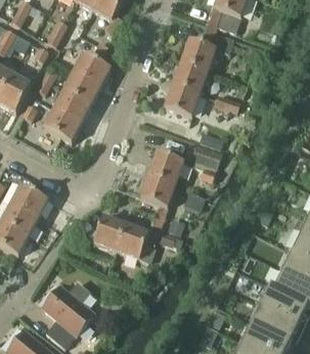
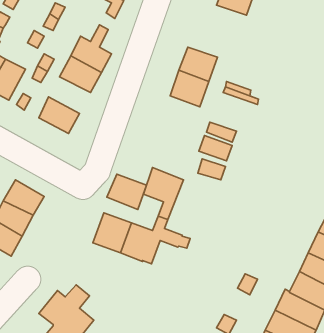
building: [181,21,233,70] -> none
building: [52,88,91,122] -> none
building: [148,150,185,183] -> [107,174,147,209]

